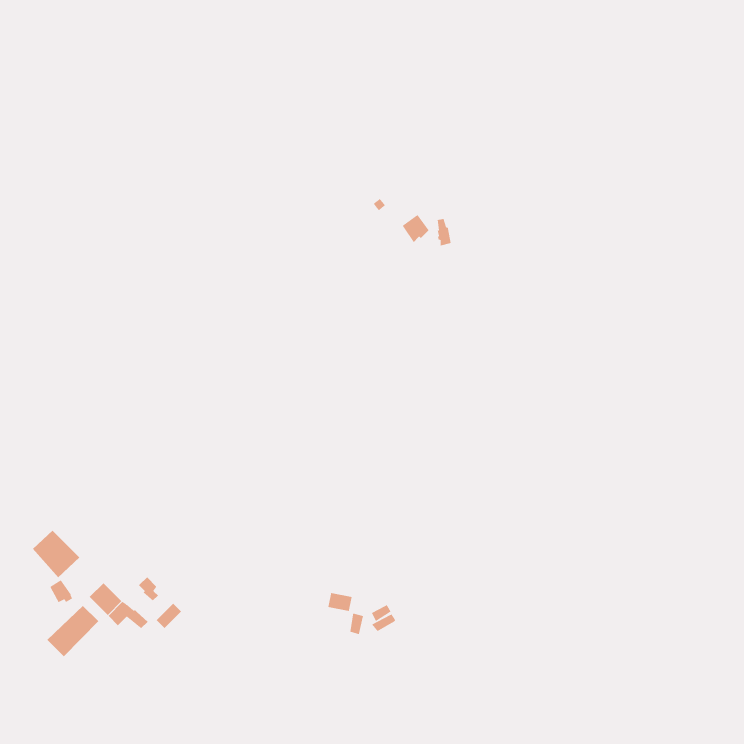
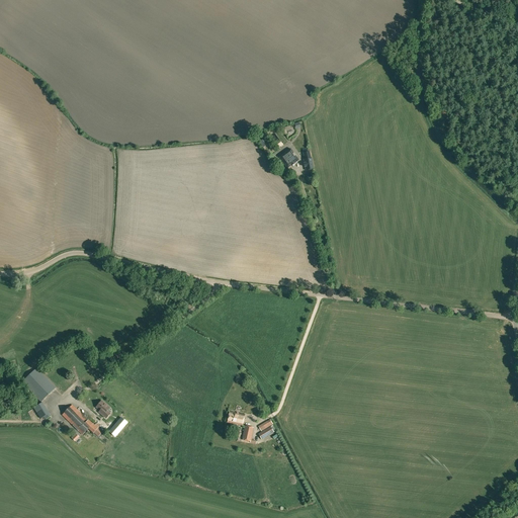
building: [47,605,99,657] -> none

